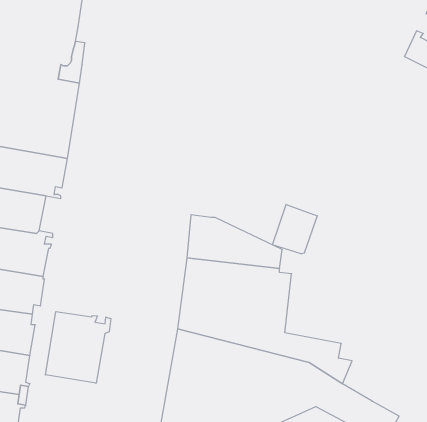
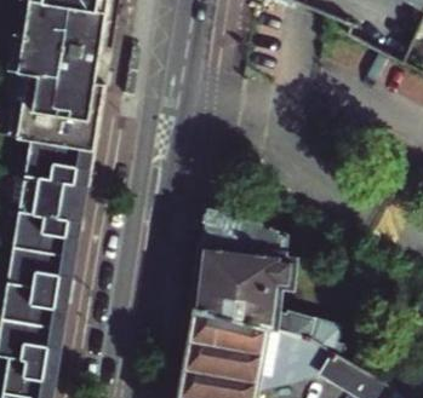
building: [273,204,317,254] -> none
building: [45,312,111,383] -> none

